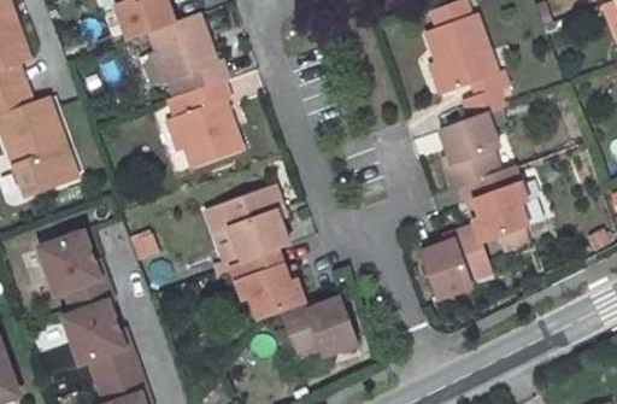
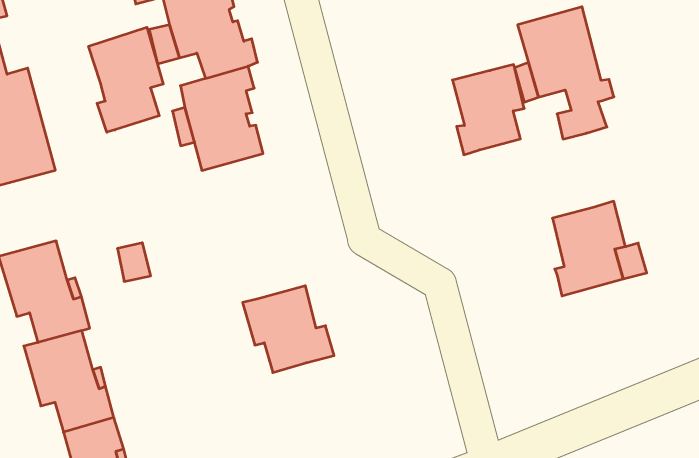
building: none -> [89,27,163,132]
building: [442,113,500,187] -> [452,65,524,155]
building: [228,188,287,263] -> none
building: [421,227,490,300] -> none
building: [283,300,358,358] -> none

